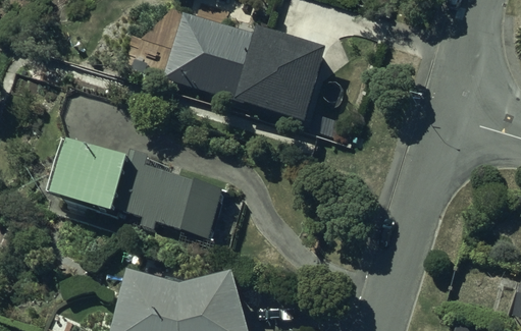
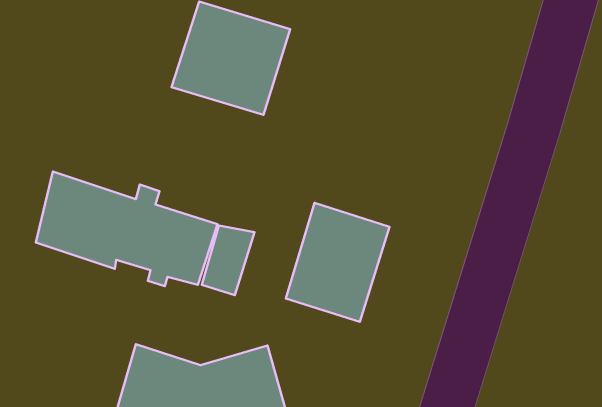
building: [235,31,326,125] -> none
building: none -> [286,203,389,322]

